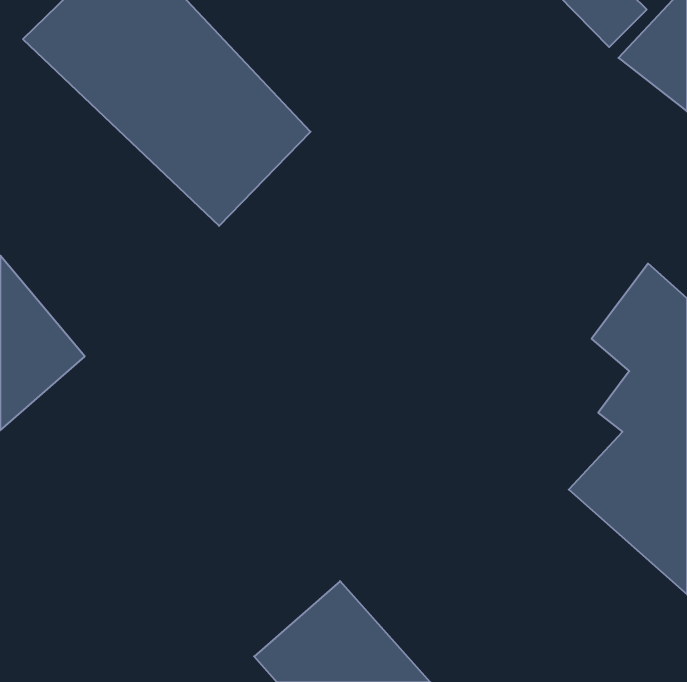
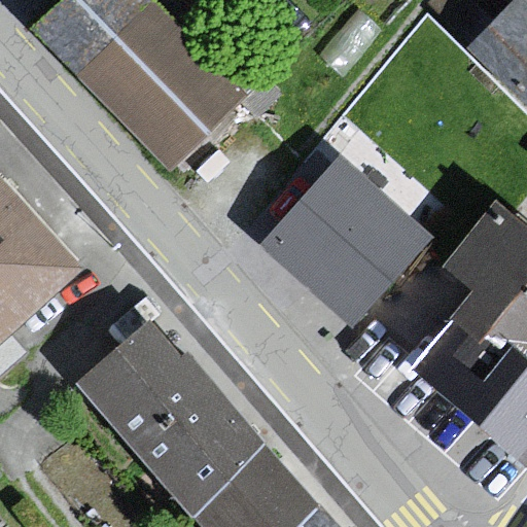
building: none -> [267,157,424,314]
building: none -> [92,324,260,502]

